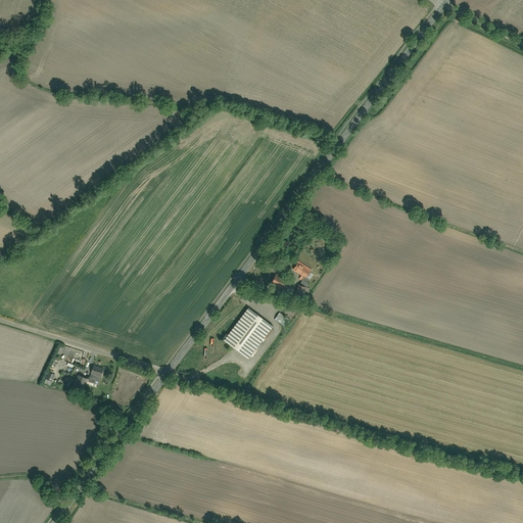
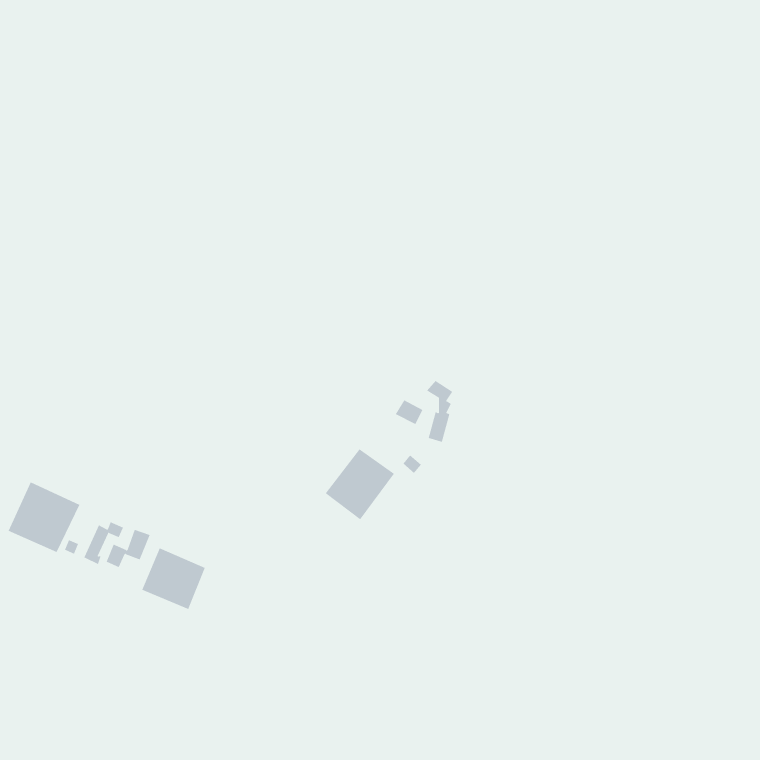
building: none -> [8,482,80,553]
building: none -> [142,547,205,610]

